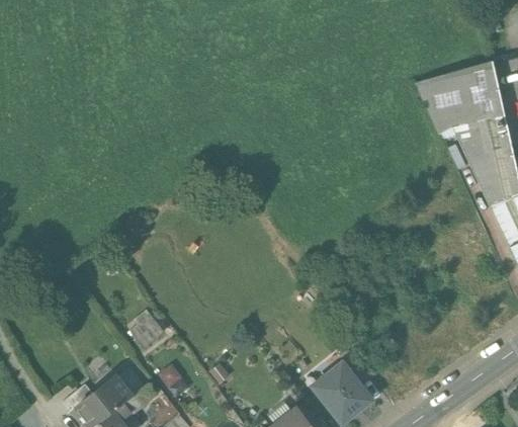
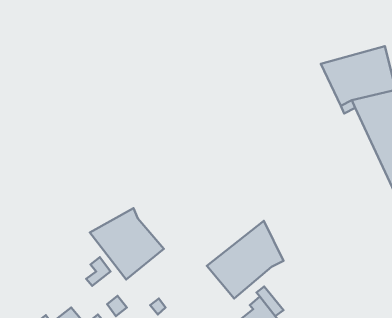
building: none -> [90,208,164,279]
building: none -> [207,221,284,299]

